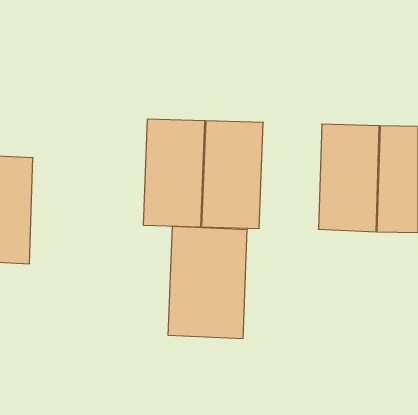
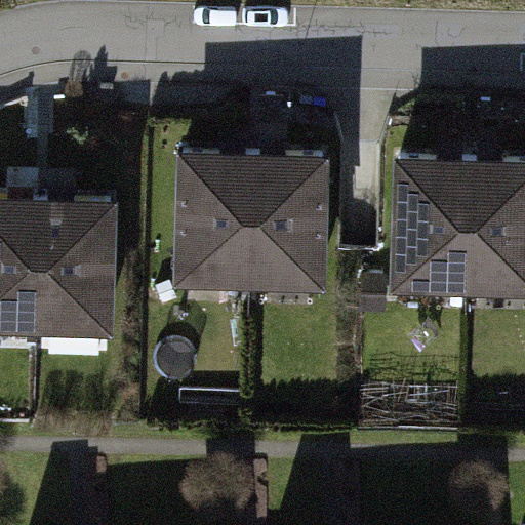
building: none -> [37,203,114,337]
building: [168,226,247,339] -> none

